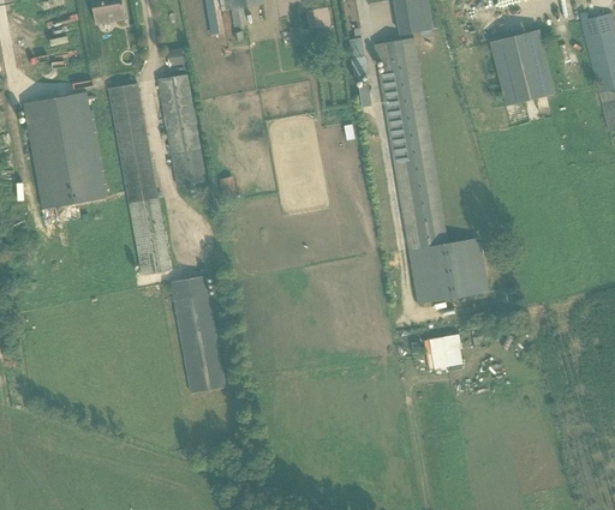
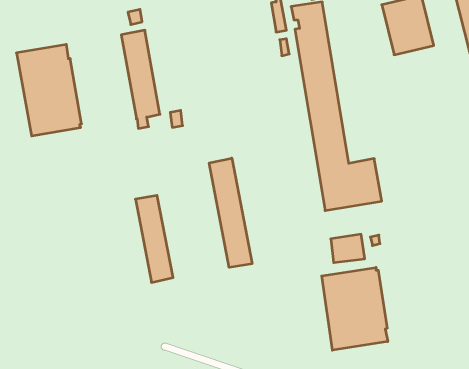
building: [107,83,168,274] -> none
building: none -> [209,158,252,267]
building: none -> [322,267,388,350]

